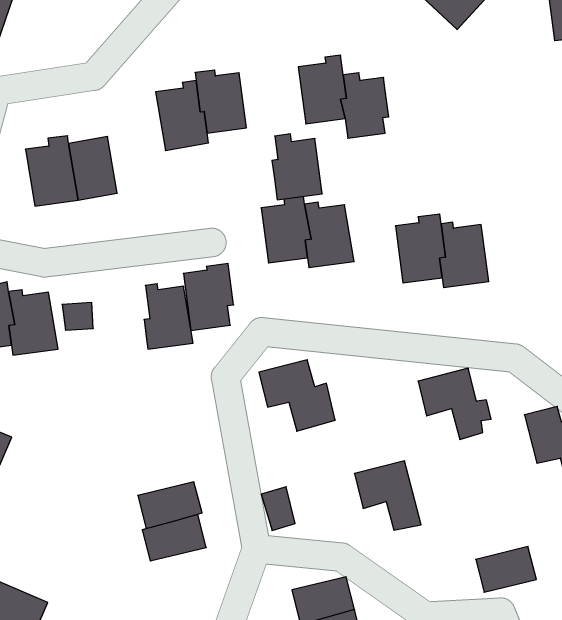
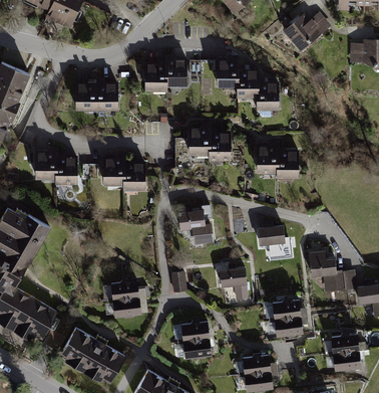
building: [272,134,322,200] -> [257,78,280,111]
building: [183,263,234,330] -> [103,155,126,186]
building: [138,482,202,528] -> [110,294,141,315]
building: none -> [272,298,301,319]

